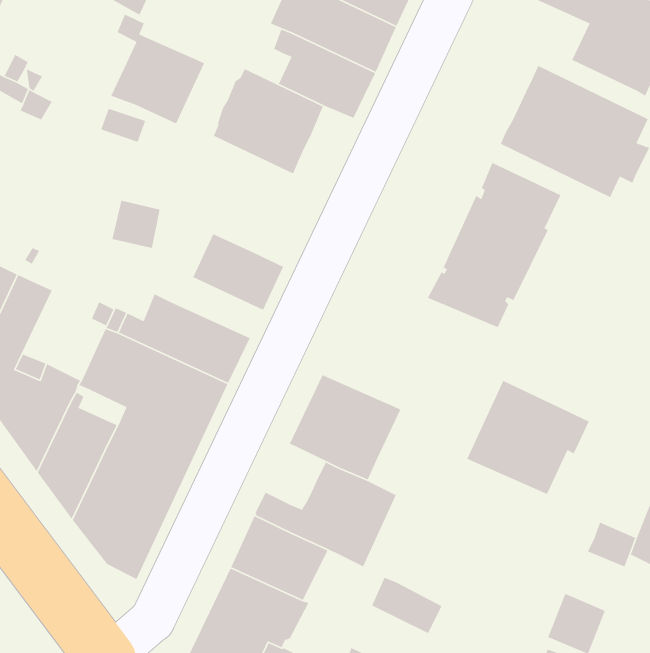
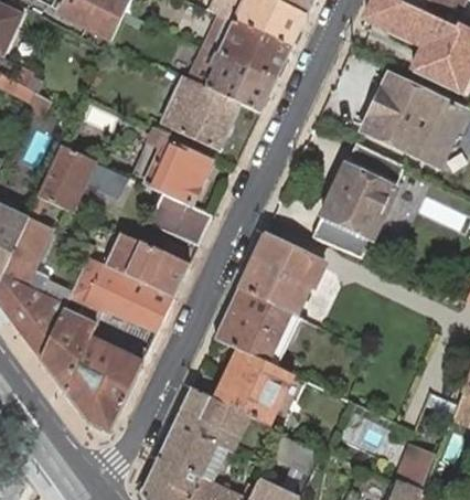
building: [110,14,205,125] -> [143,127,210,204]
building: none -> [36,146,92,210]
building: [466,380,590,496] -> [237,234,323,315]

